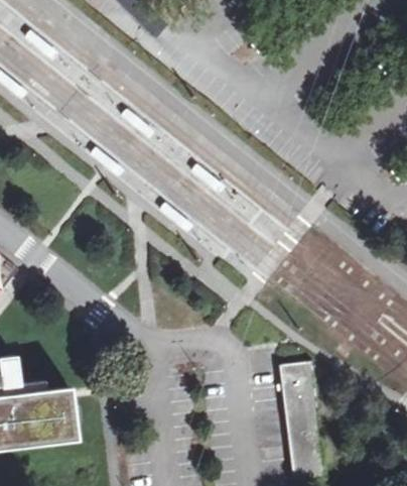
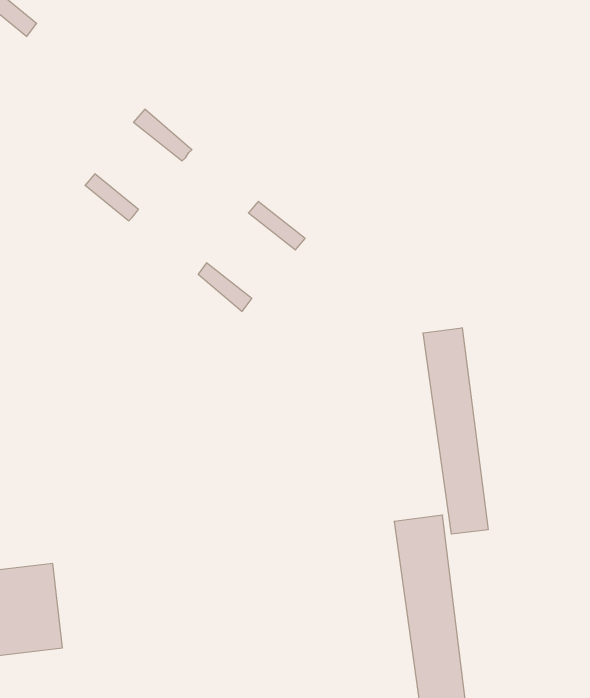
building: none -> [423,328,488,534]

